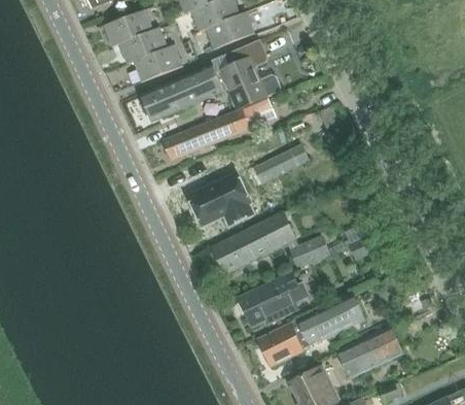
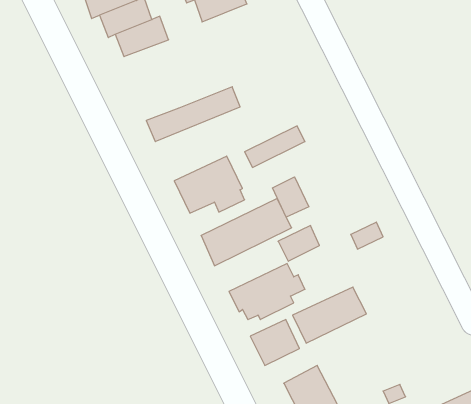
building: [141,41,281,121] -> none
building: none -> [272,177,309,217]
building: [338,327,402,376] -> none

